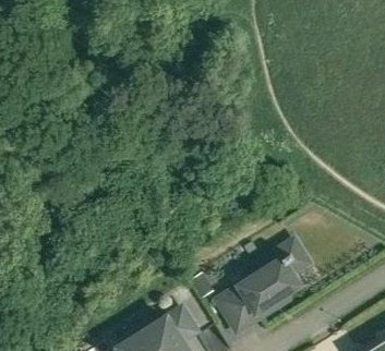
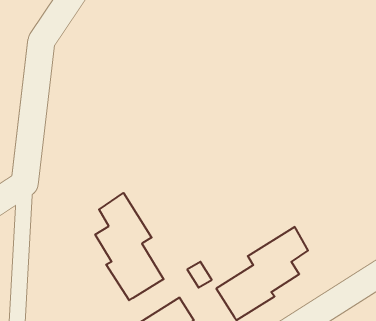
building: none -> [95,193,164,300]

